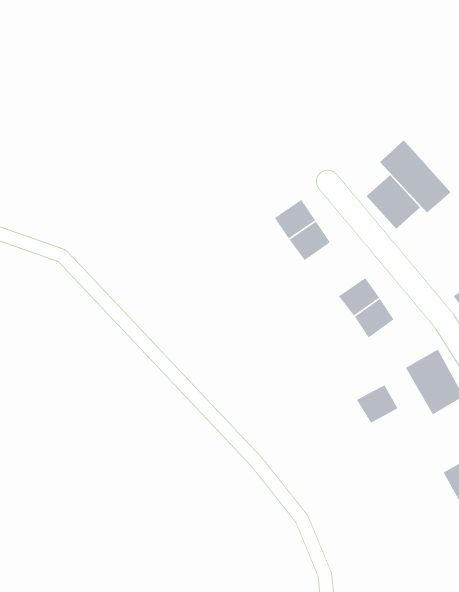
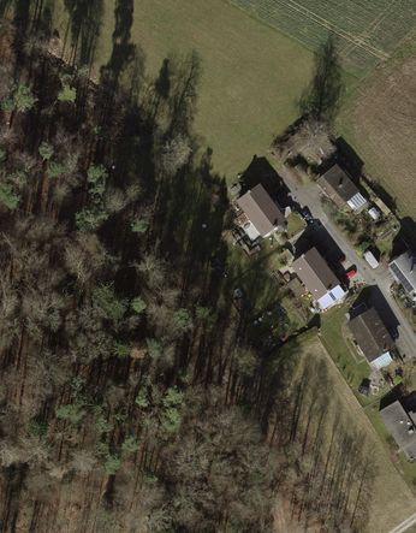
building: [379,140,452,214] -> none
building: [356,384,398,424] -> none

